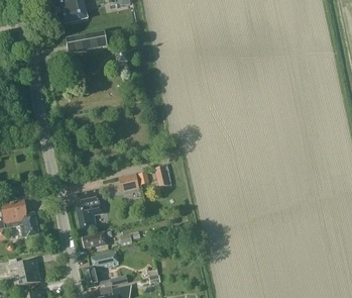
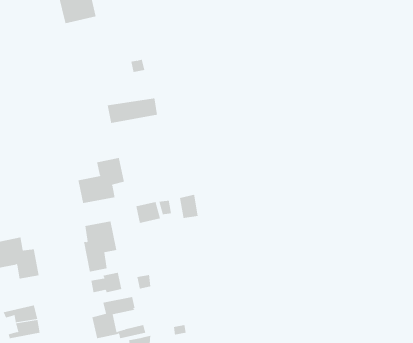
building: [66,32,108,54] -> [107,98,158,123]
building: none -> [78,157,124,204]

